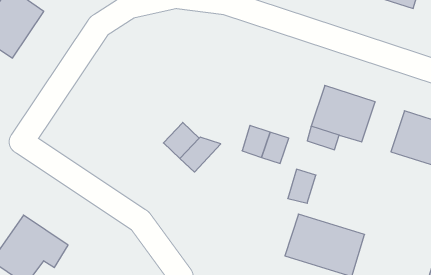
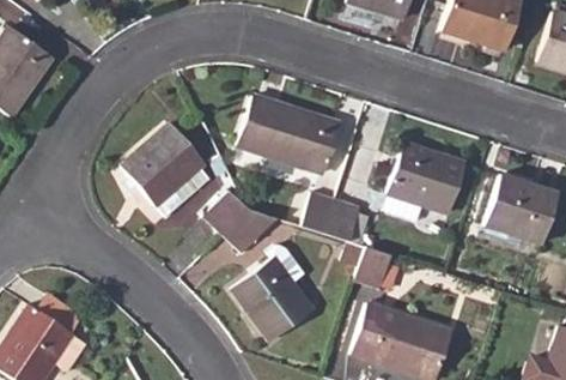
building: none -> [231,99,336,176]
building: none -> [121,123,203,203]
building: none -> [232,259,310,340]

